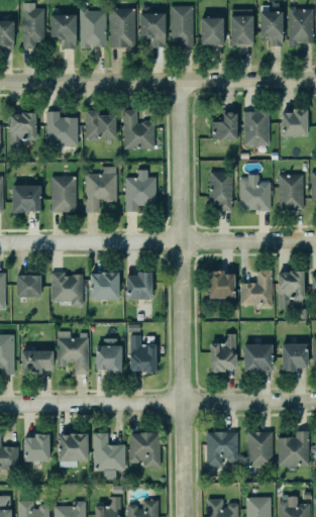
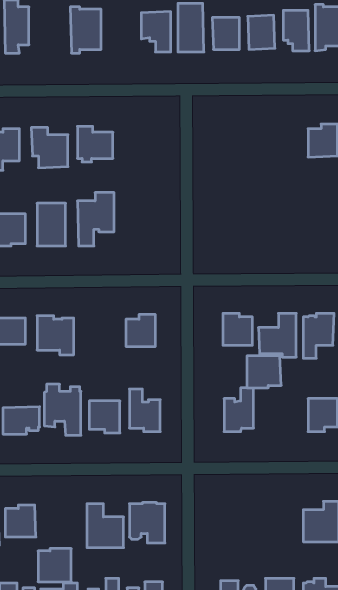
building: [110,8,135,47] -> none
building: [51,15,77,49] -> none
building: [213,109,238,140] -> none
building: [244,109,270,146] -> none
building: [124,110,154,148] -> none
building: [125,170,156,212] -> none
building: [209,172,233,212] -> none
building: [240,175,272,210] -> none
building: [279,175,304,211] -> none
building: [91,272,119,299] -> none
building: [244,344,274,372] -> [247,356,281,388]
building: [207,432,238,467] -> none
building: [247,432,273,468] -> none
building: [60,433,88,461] -> [38,549,71,582]

